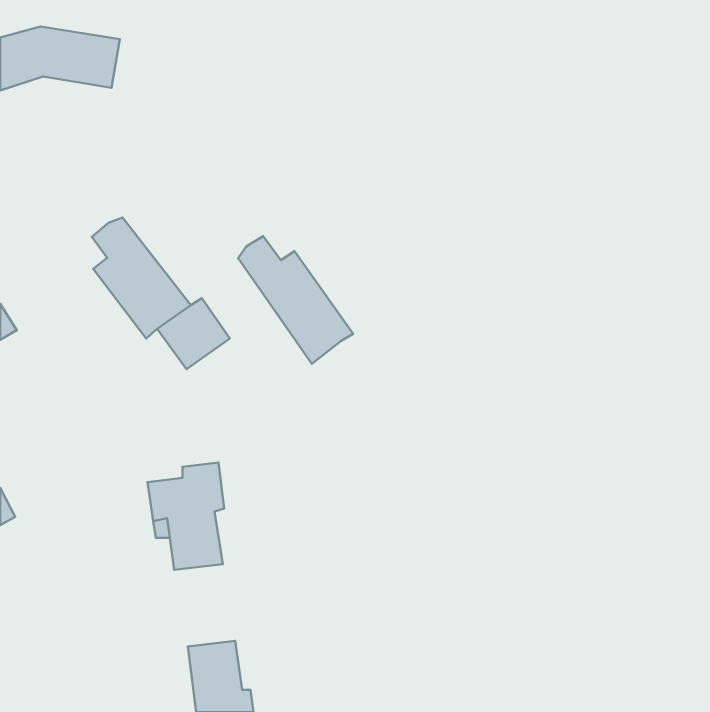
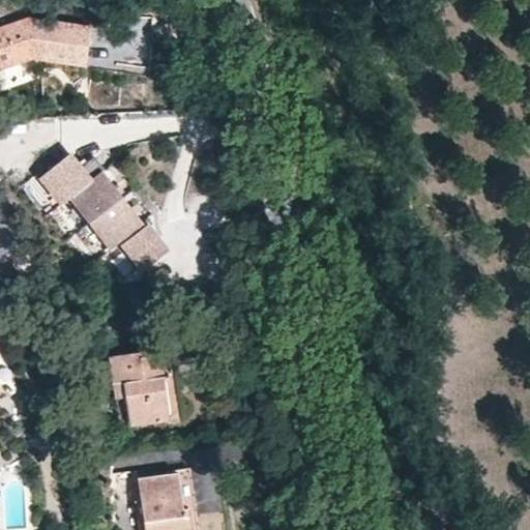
building: none -> [34,150,82,210]
building: [238,236,353,364] -> none

